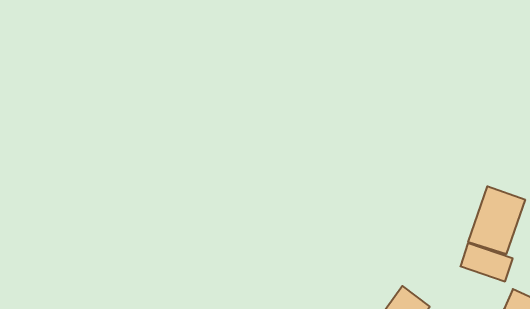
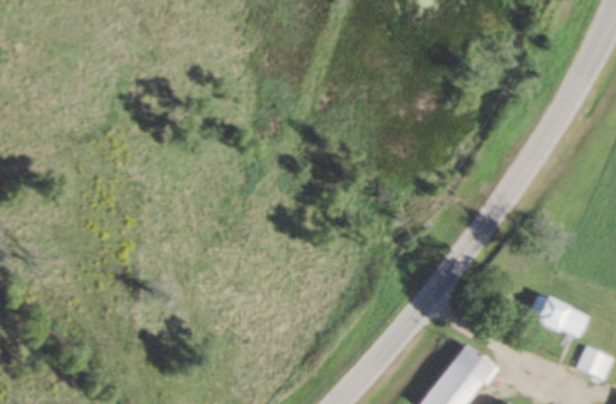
building: [468,186,525,254] -> none

